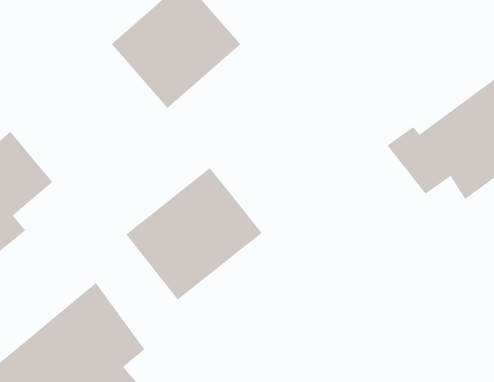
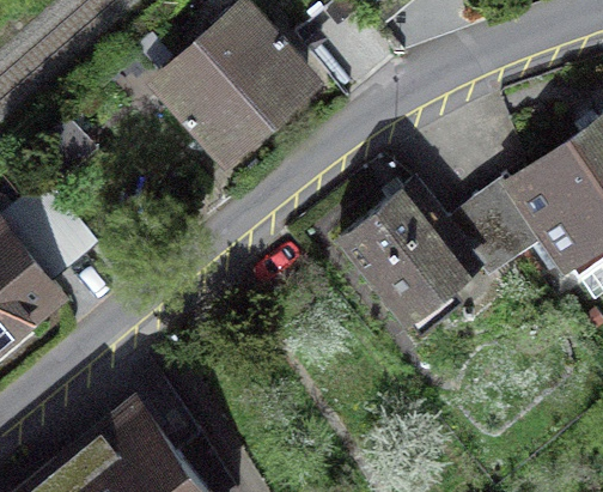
building: none -> [341,188,520,322]
building: [125,167,262,300] -> none

